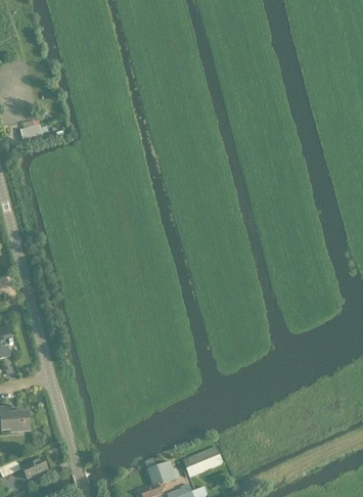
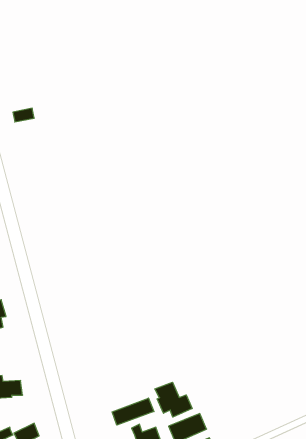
building: none -> [155,382,192,417]
building: none -> [112,398,154,425]

